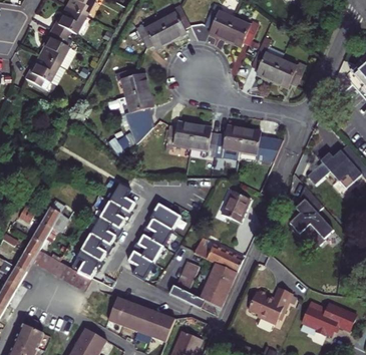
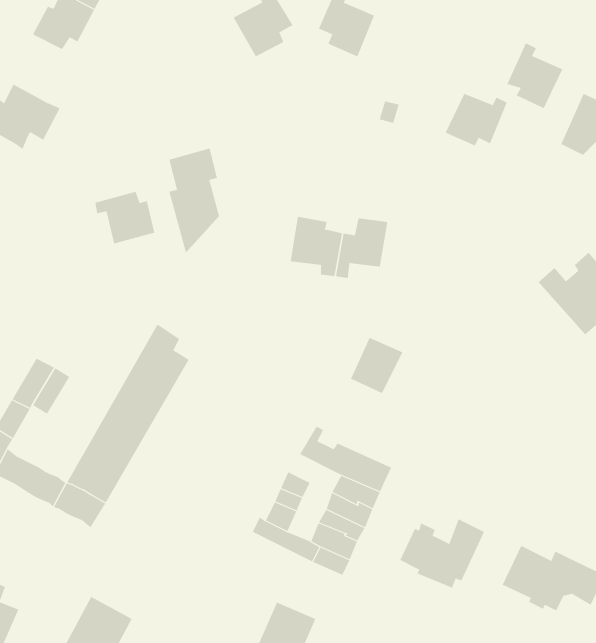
building: [225,19,258,47] -> none
building: [136,20,170,49] -> none
building: [42,29,73,65] -> none
building: [251,46,281,81] -> [506,43,563,109]
building: [114,67,146,95] -> [95,191,155,244]
building: [163,122,193,150] -> none
building: [237,128,282,162] -> none
building: [288,186,332,250] -> none
building: [126,204,180,277] -> none
building: [108,296,174,342] -> none

